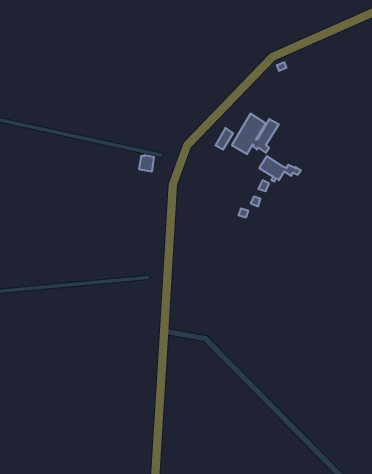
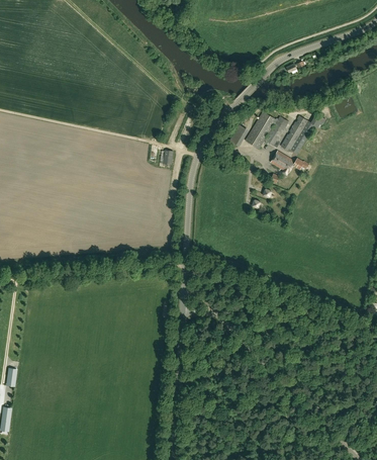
building: none -> [280,114,324,153]

